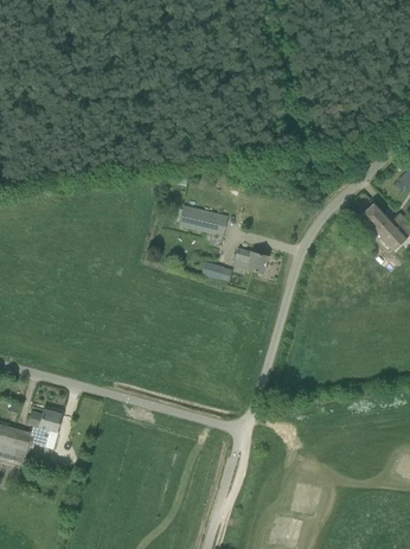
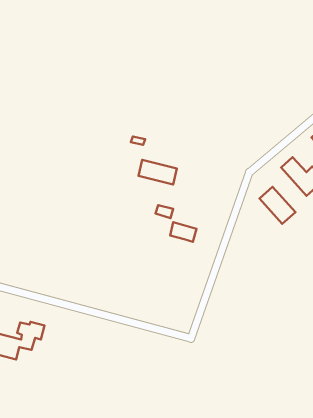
building: none -> [259,187,295,224]
building: [235,248,268,273] -> [170,222,197,242]

